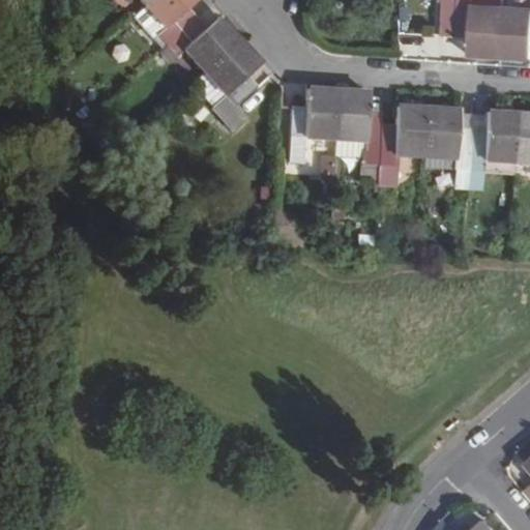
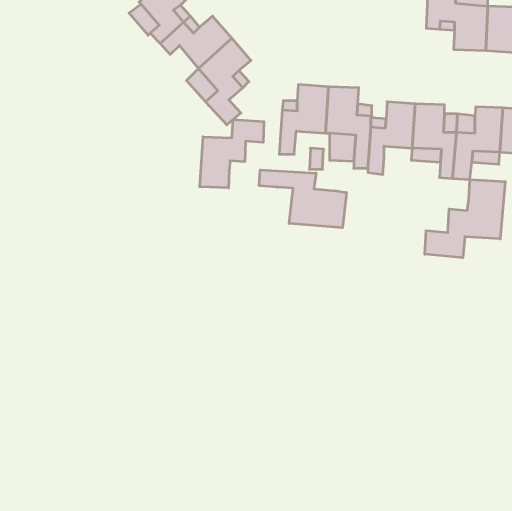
building: none -> [200,120,264,188]
building: none -> [259,170,346,228]
building: none -> [425,179,505,258]

